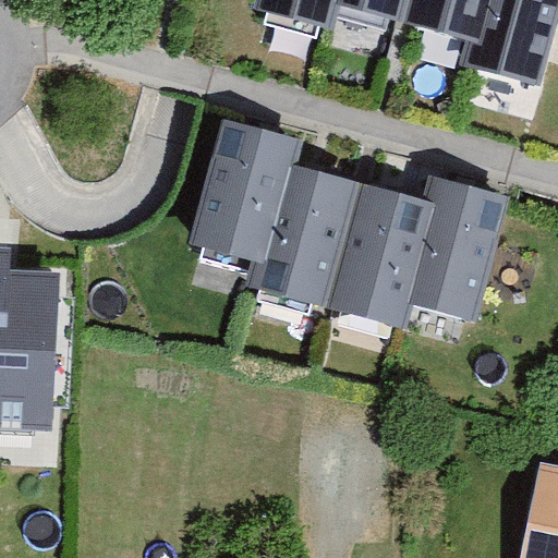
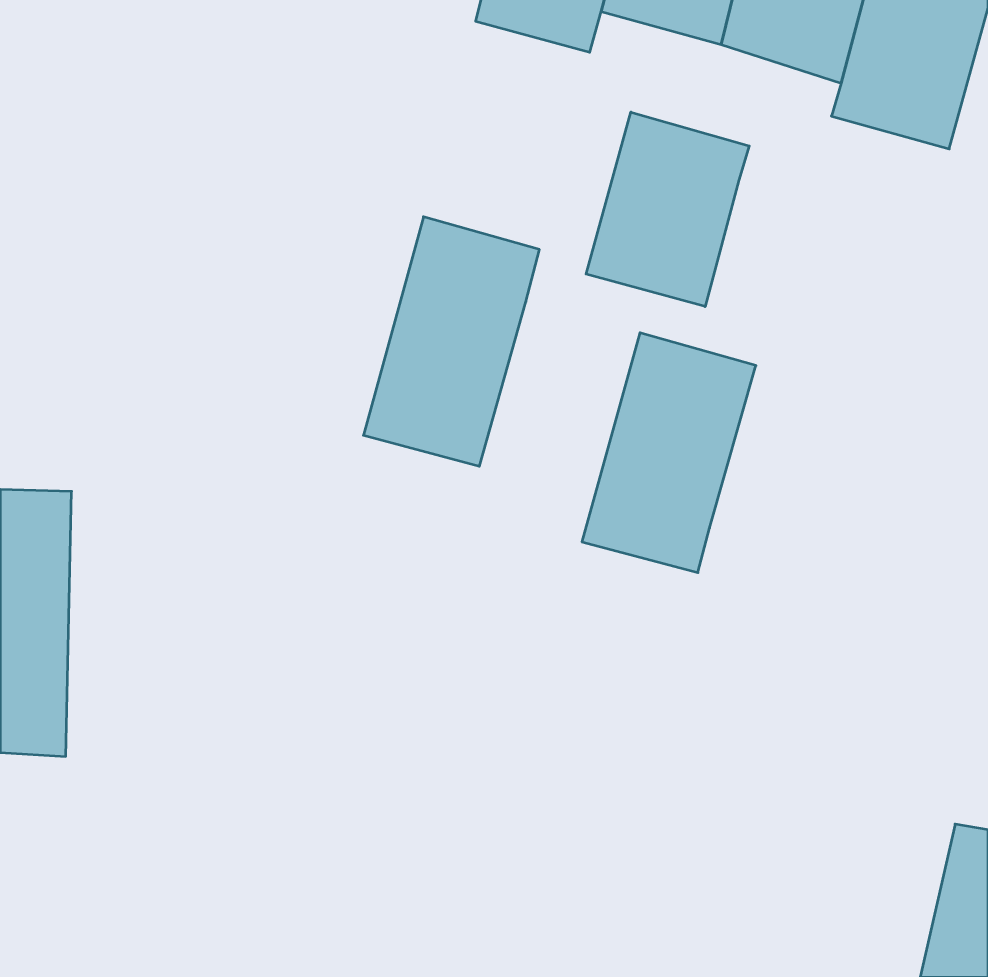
building: none -> [586,112,749,307]
building: [264,170,361,305] -> none
building: [400,179,499,316] -> none

